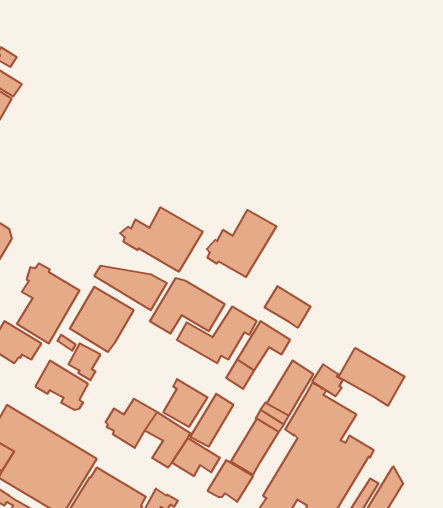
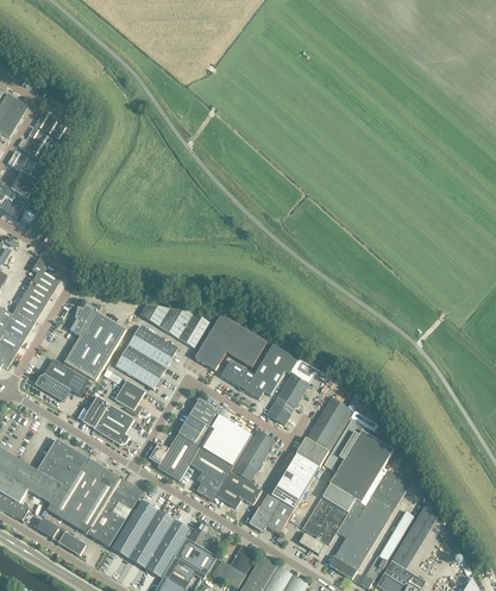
building: [120,207,203,272] -> none
building: [207,210,276,277] -> none
building: [265,286,311,328] -> none
building: [339,348,405,406] -> none
building: none -> [177,401,222,447]

